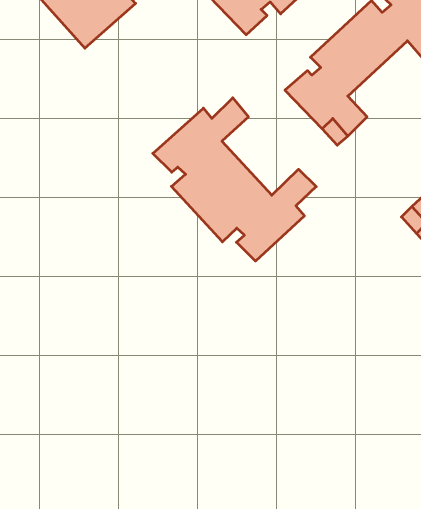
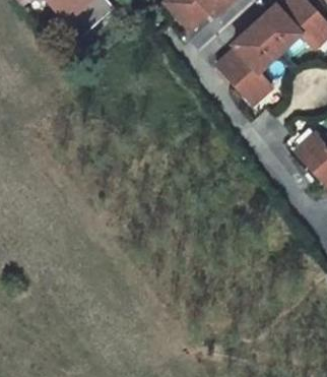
building: [153,98,316,261] -> none

